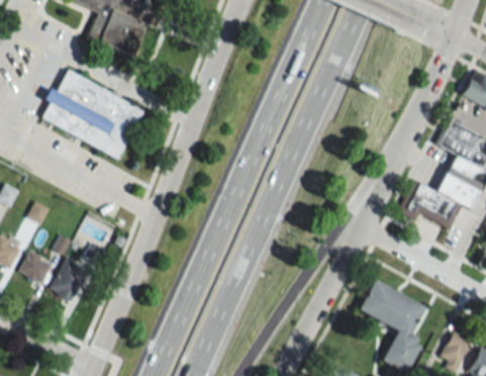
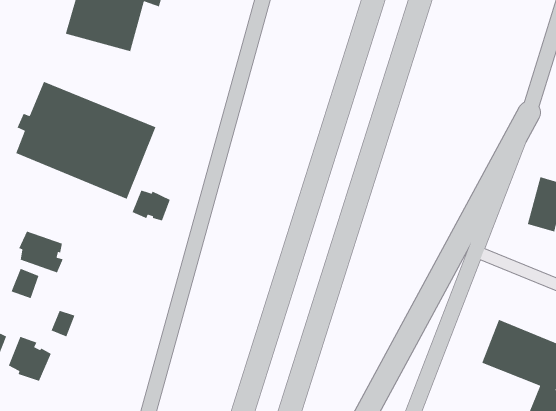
building: none -> [132,190,171,221]
building: none -> [18,231,64,274]
building: [50,259,87,301] -> none

